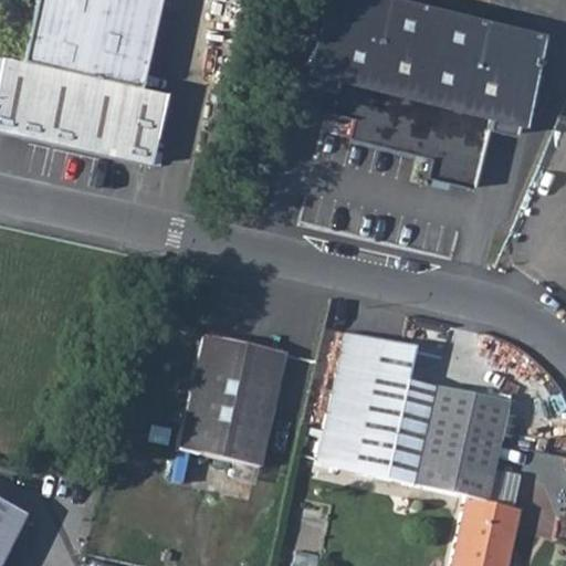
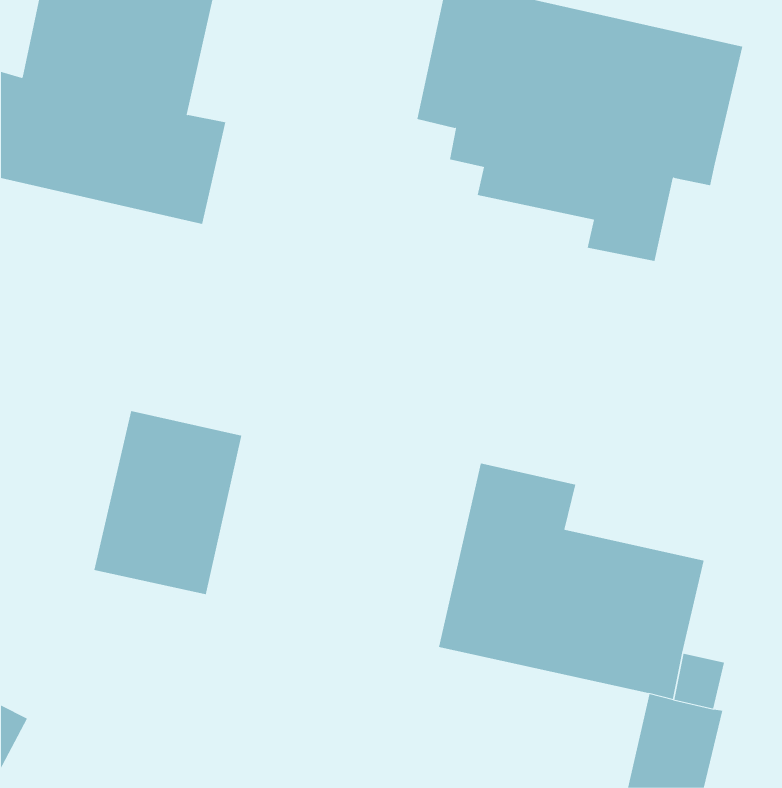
building: [181,333,287,464] -> [93,411,242,595]

